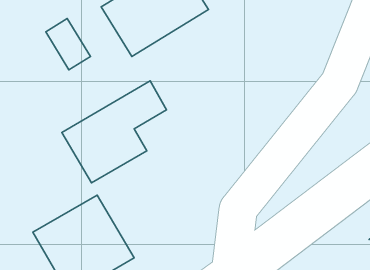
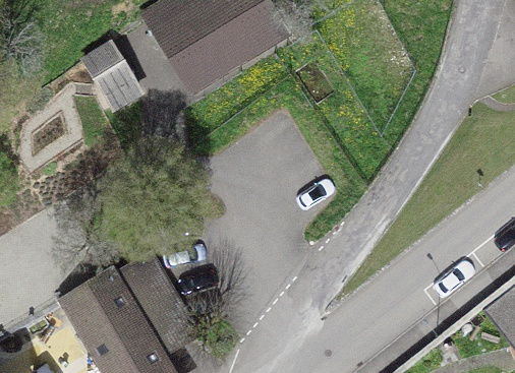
building: [62,81,167,183] -> none

